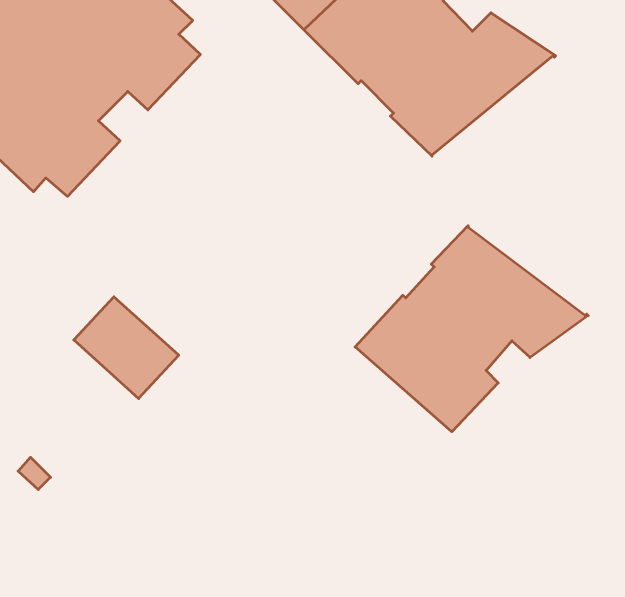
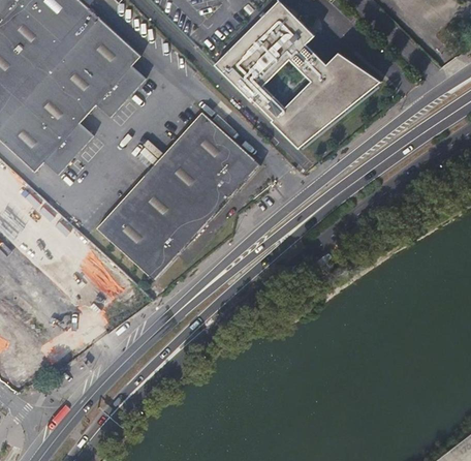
building: none -> [97,113,260,281]
building: [355,226,588,432] -> none

